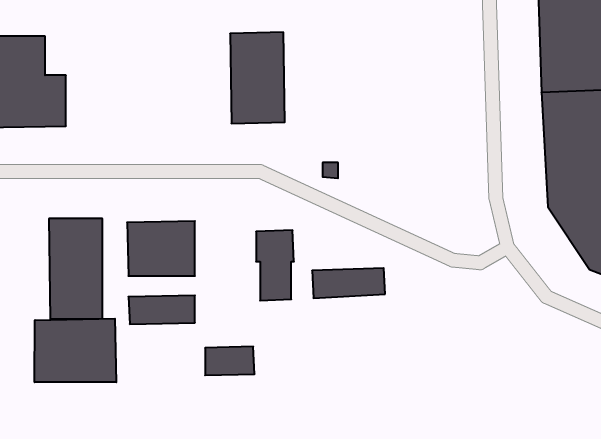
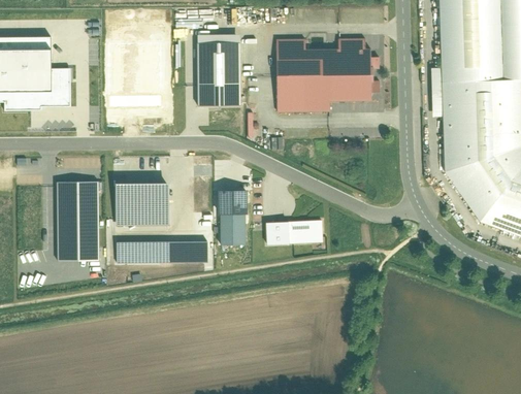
building: none -> [274,38,371,114]
building: [35,319,116,382] -> none
building: [205,347,255,375] -> [169,240,208,263]

